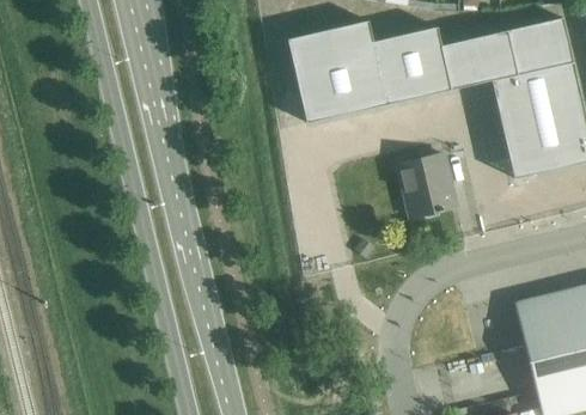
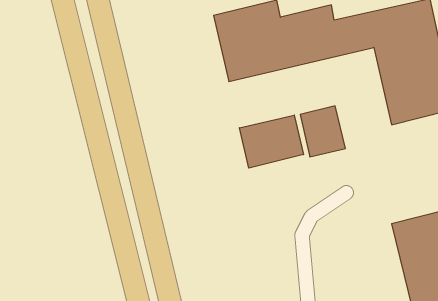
building: none -> [239,115,303,168]

